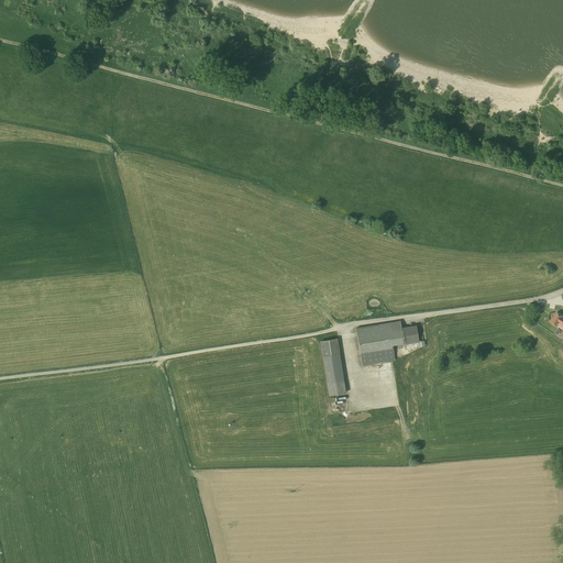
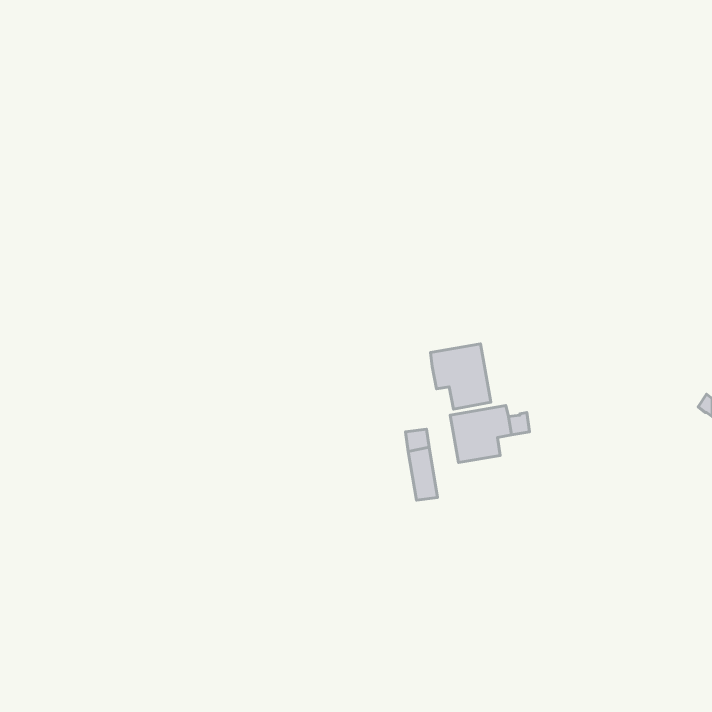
building: none -> [431,344,491,409]

